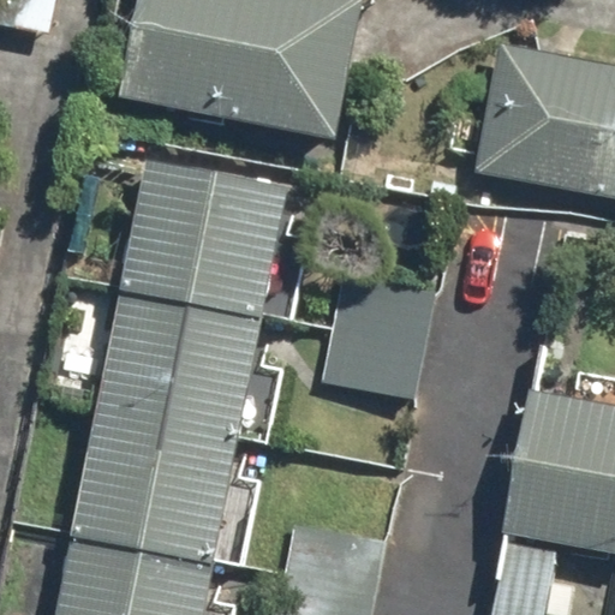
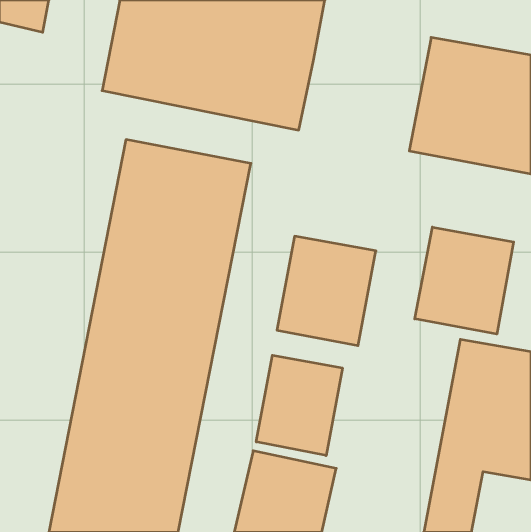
building: none -> [415,227,514,334]
building: none -> [256,355,342,456]

